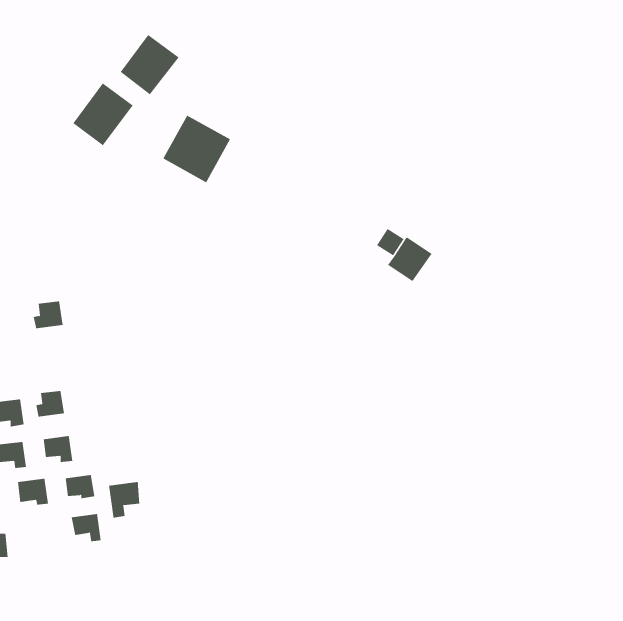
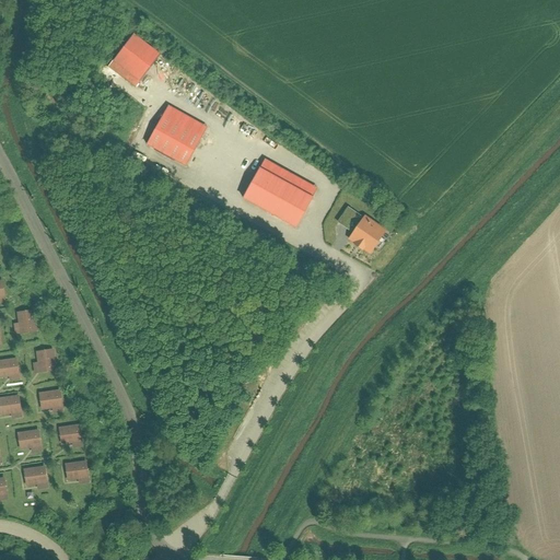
building: [72,83,133,146] -> none
building: none -> [242,155,318,225]
building: [33,301,64,329] -> [12,310,39,335]
building: [109,481,140,519] -> none
building: none -> [24,466,50,491]

